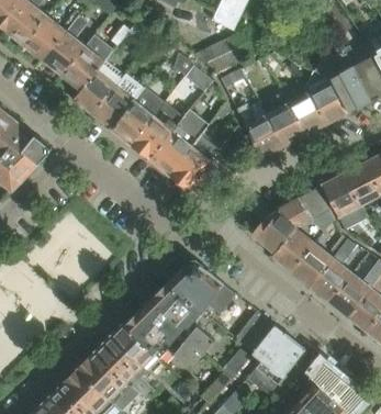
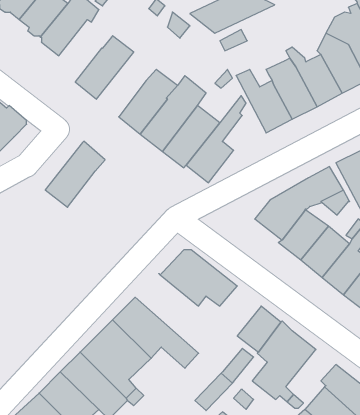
building: [72,59,124,114] -> none
building: [111,87,164,145] -> [45,141,105,207]
building: [145,283,214,354] -> none

